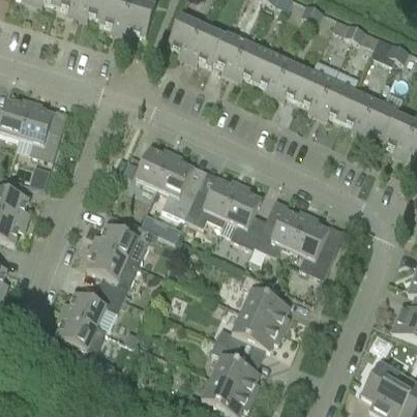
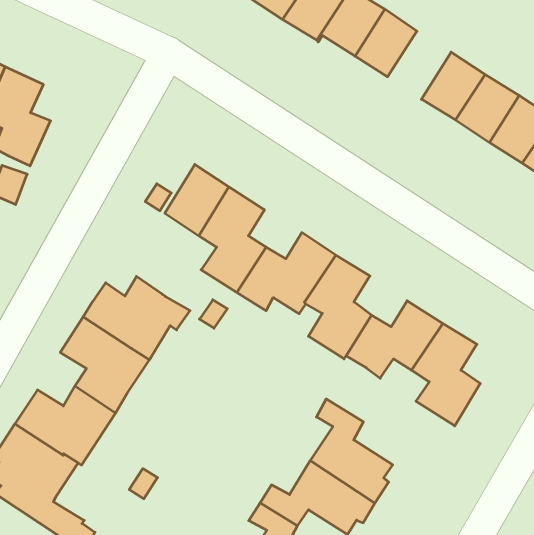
building: [255,51,290,90] -> none

